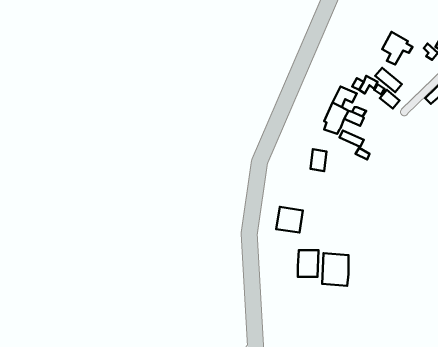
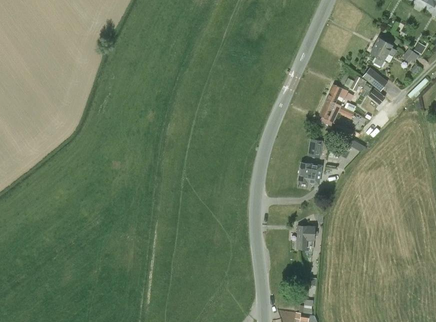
building: [276,207,303,233] -> [298,162,321,184]
building: [322,253,349,286] -> none

